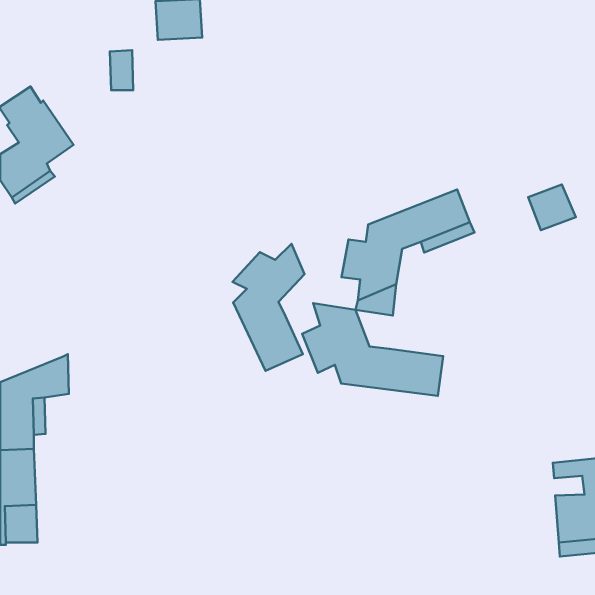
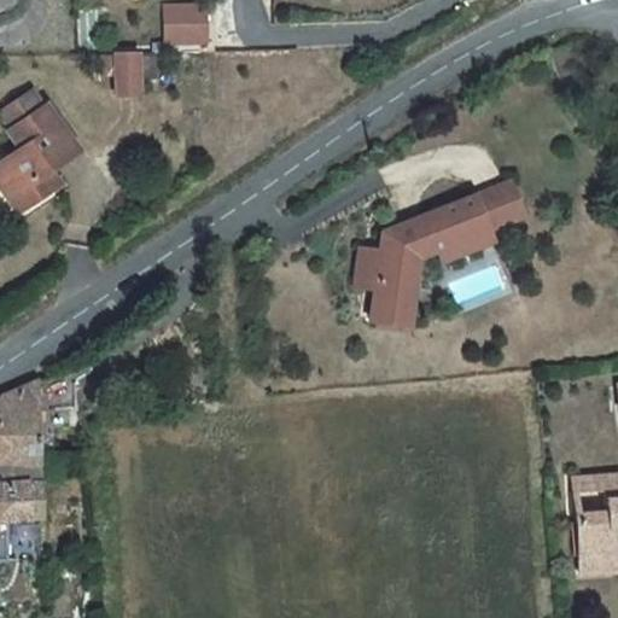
building: [528,184,576,230] -> [474,182,524,229]
building: [232,244,305,371] -> none
building: [302,303,443,396] -> none

